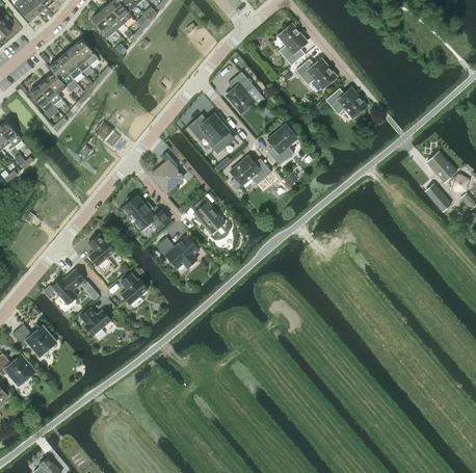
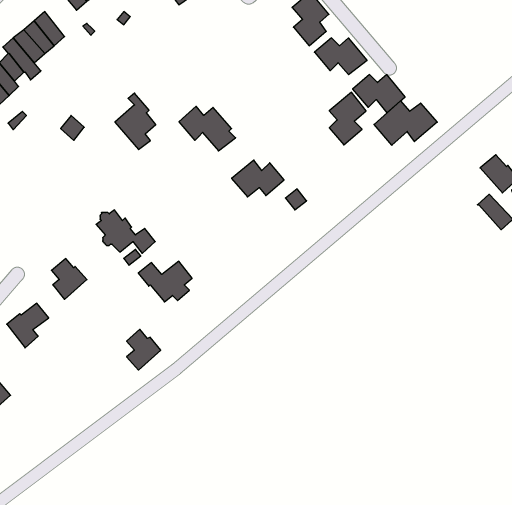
building: [226,72,265,113] -> none
building: none -> [374,101,437,145]
building: [268,124,297,165] -> [329,92,366,145]
building: [151,152,183,196] -> [115,93,156,150]
building: [191,199,224,234] -> none
building: [121,272,148,305] -> [127,329,161,370]
building: [80,307,111,338] -> none

